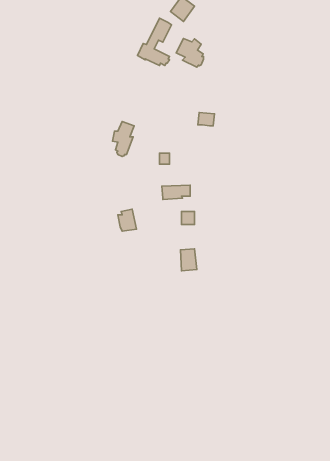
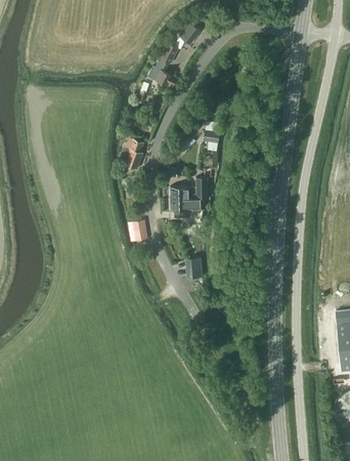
building: [176,39,204,67] -> none
building: none -> [170,174,207,198]

